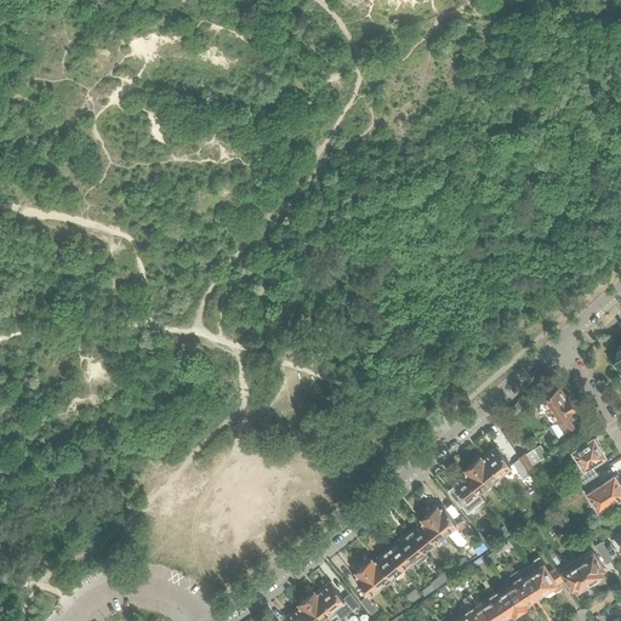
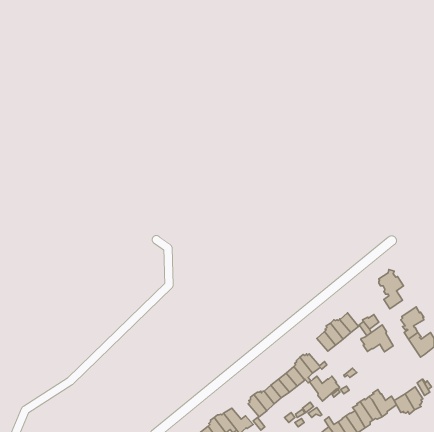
building: none -> [361,325,393,352]
building: none -> [310,376,339,401]

